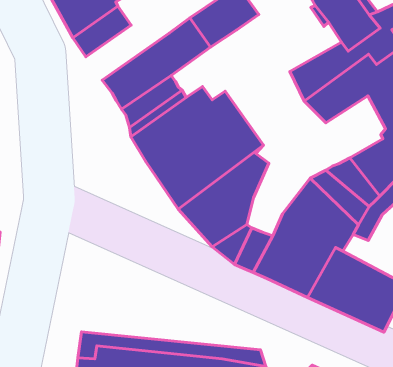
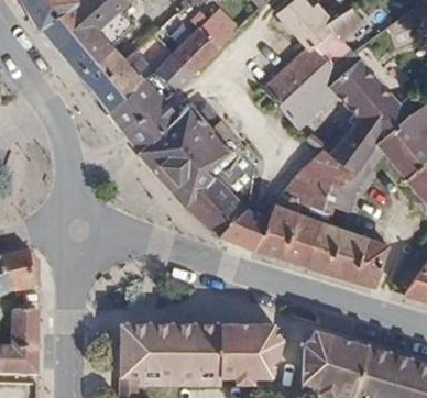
building: none -> [90,49,157,114]

